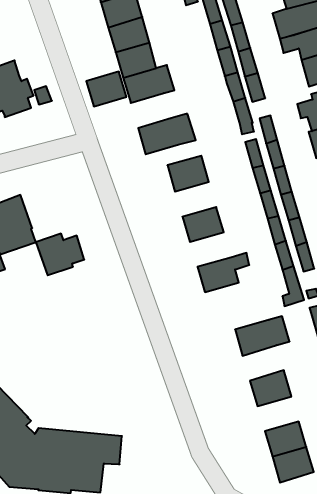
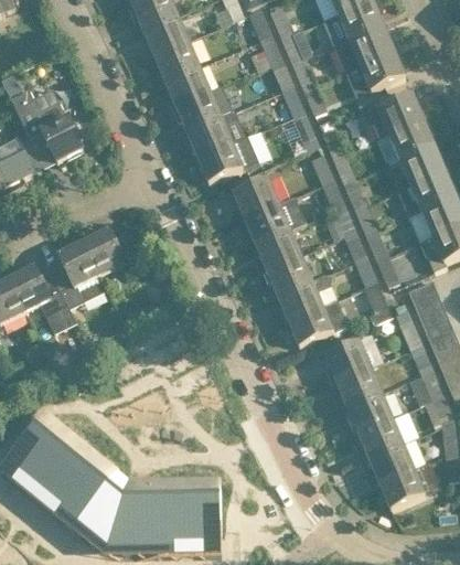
building: [86,72,126,106] -> [186,117,231,157]
building: none -> [244,196,306,244]
building: none -> [266,255,311,295]
building: [36,234,84,275] -> [83,230,136,275]
building: none -> [288,299,350,347]
building: none -> [335,366,381,407]
building: none -> [357,418,403,458]

